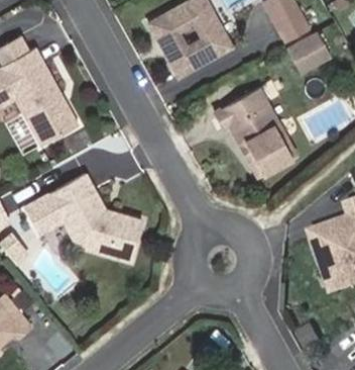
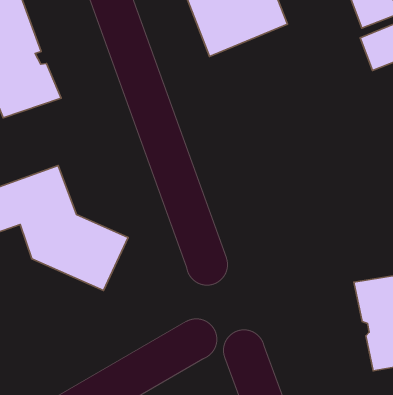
building: [218,90,302,180] -> none

